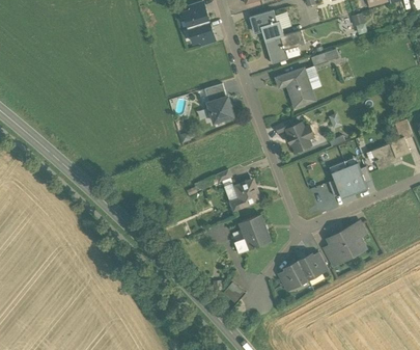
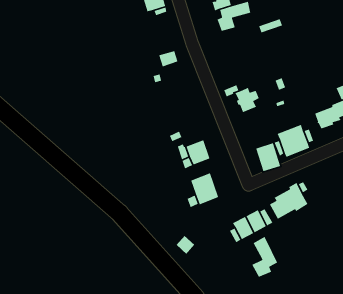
building: [275,68,314,103] -> none
building: [206,96,233,122] -> none
building: none -> [251,236,278,278]

